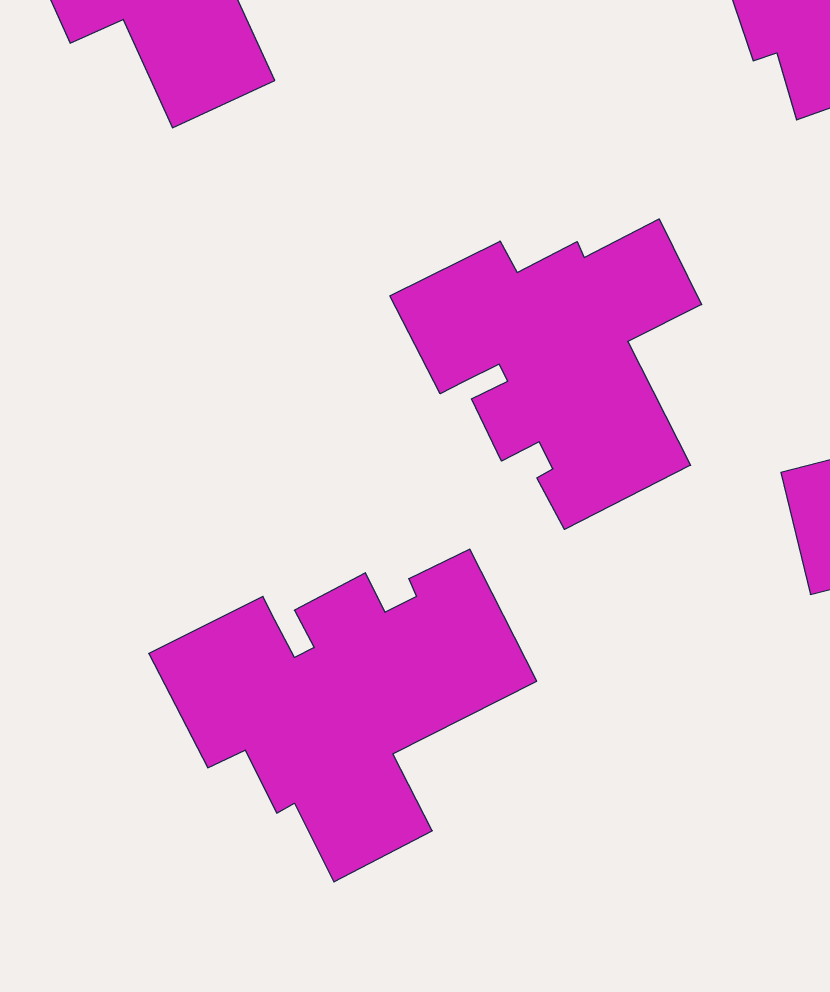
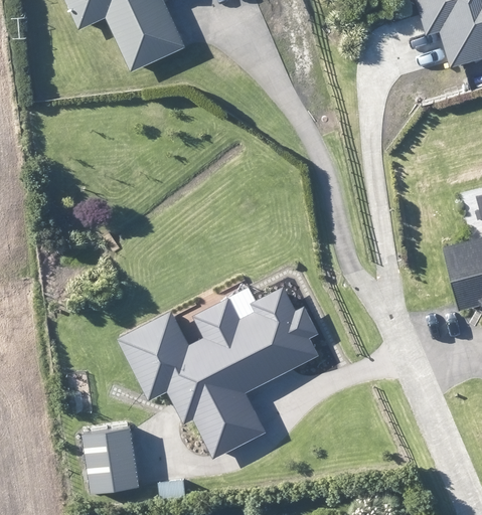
building: [390,219,702,529] -> none
building: none -> [83,427,137,492]

